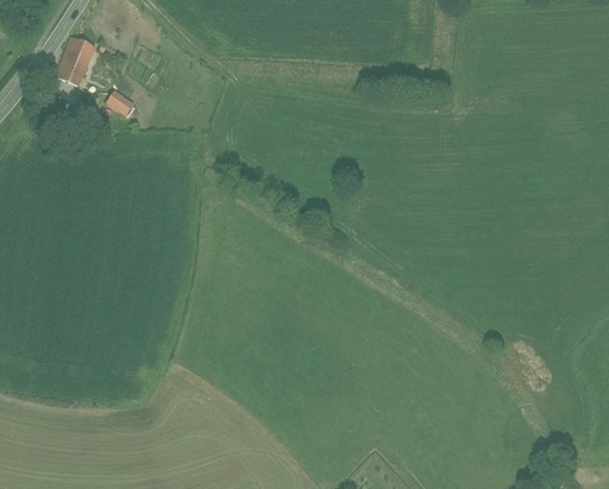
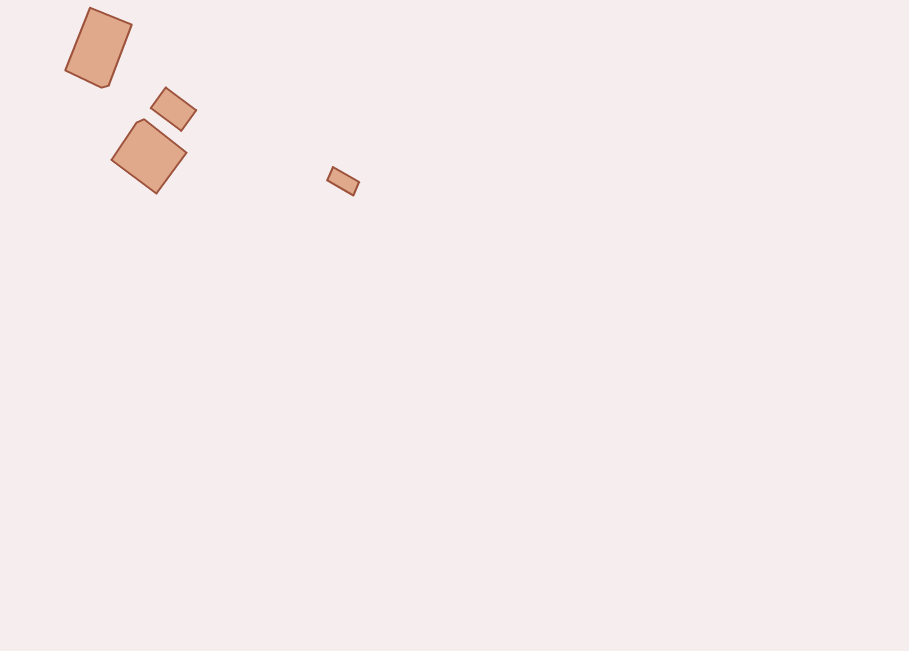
building: none -> [111,119,187,194]

